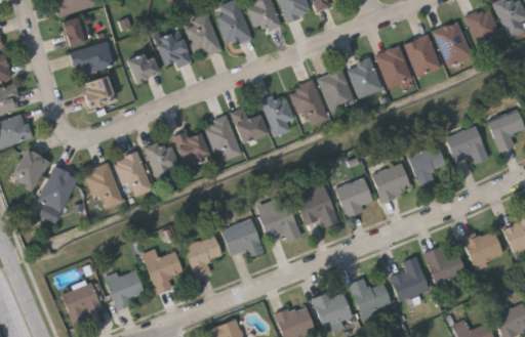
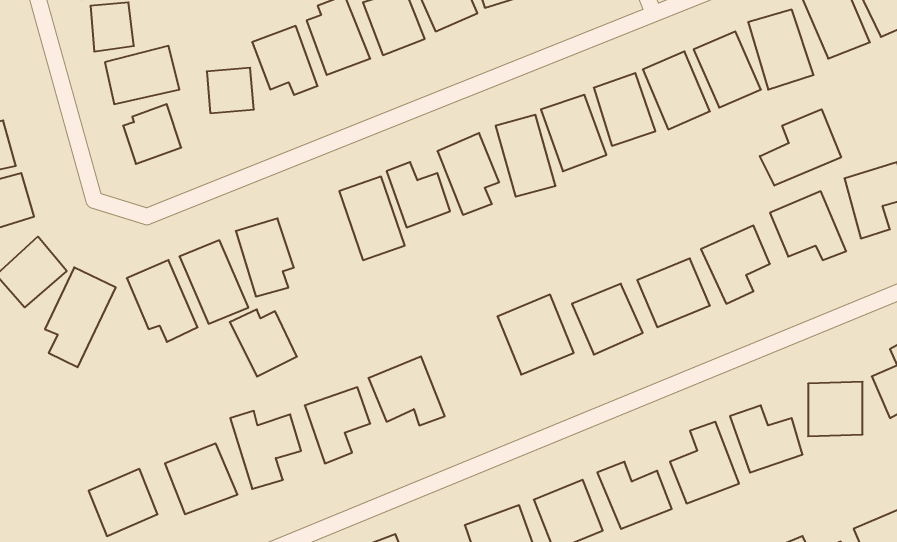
building: none -> [760,109,841,186]
building: [171,130,209,168] -> [230,309,297,377]
building: [254,195,299,239] -> none

